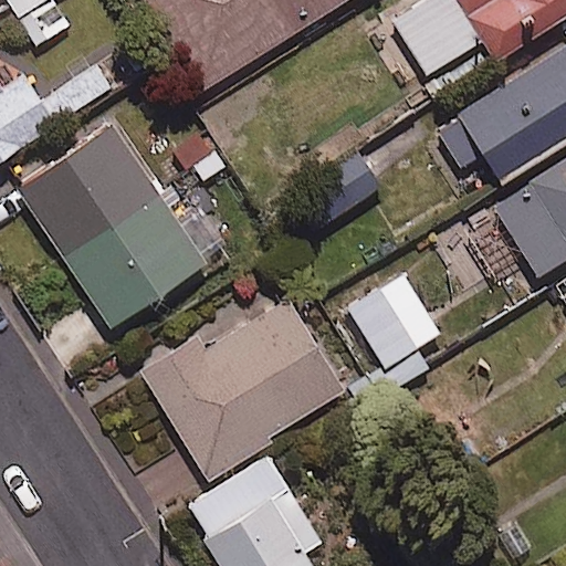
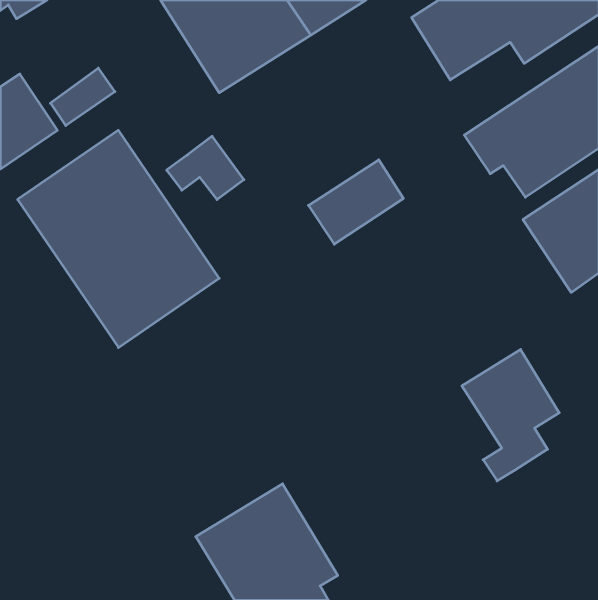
building: [348,273,440,397] -> [462,349,559,481]
building: [140,300,344,476] -> none

